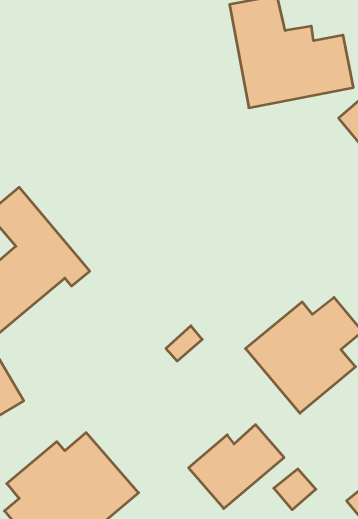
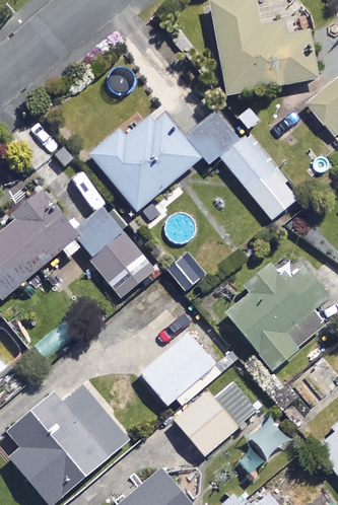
building: none -> [91,103,298,219]
building: none -> [77,208,154,297]
building: none -> [139,331,221,406]

